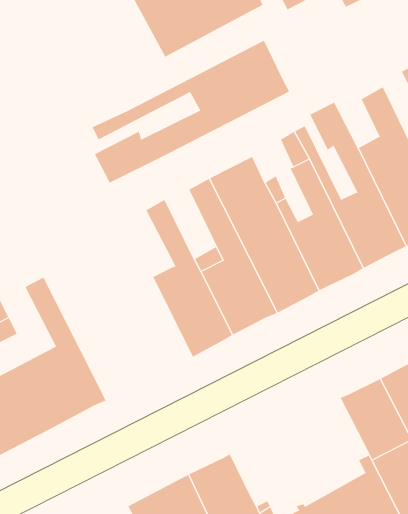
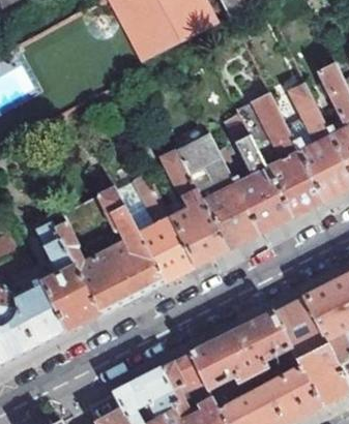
building: [92,40,290,184] -> none
building: none -> [51,189,162,315]
building: none -> [190,313,293,387]

